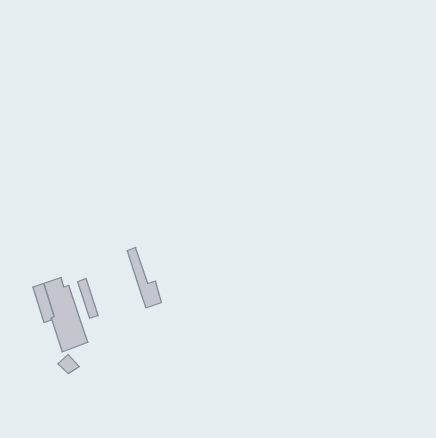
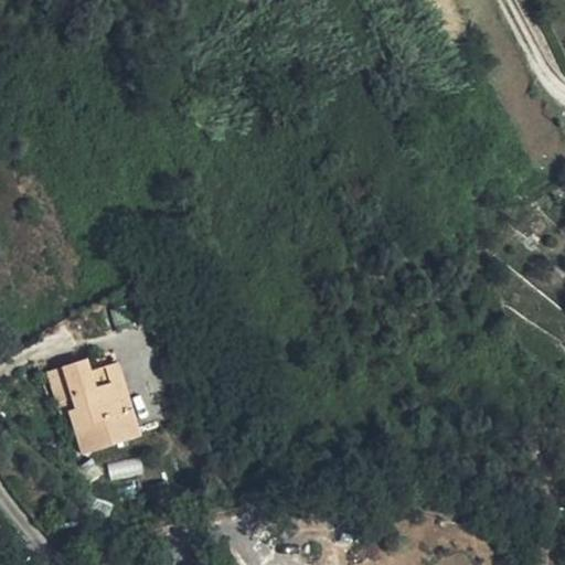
building: [127,247,161,308] -> [94,364,138,441]

